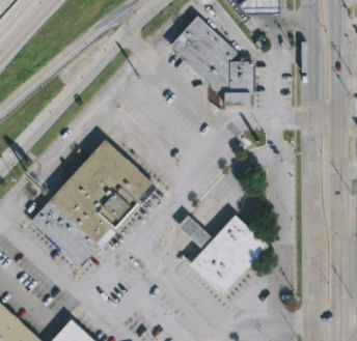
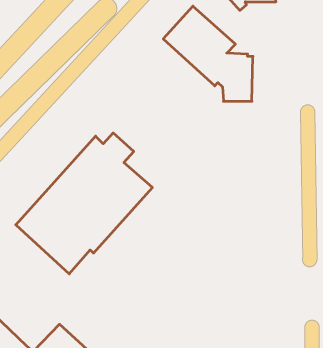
building: [174,211,266,293] -> none

